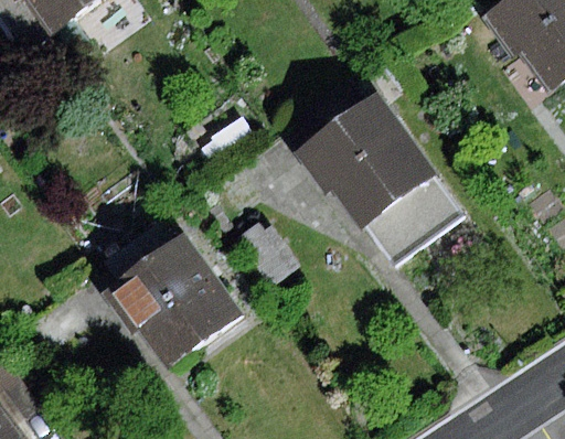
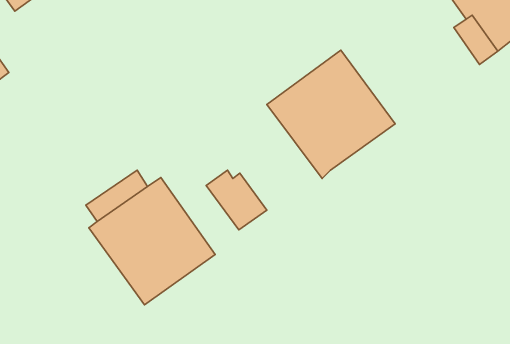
building: [366,172,465,263] -> none

